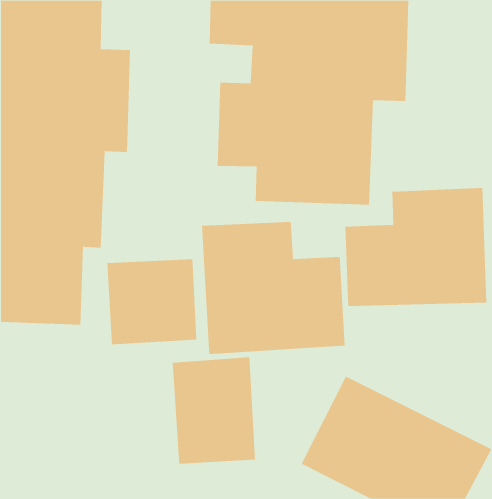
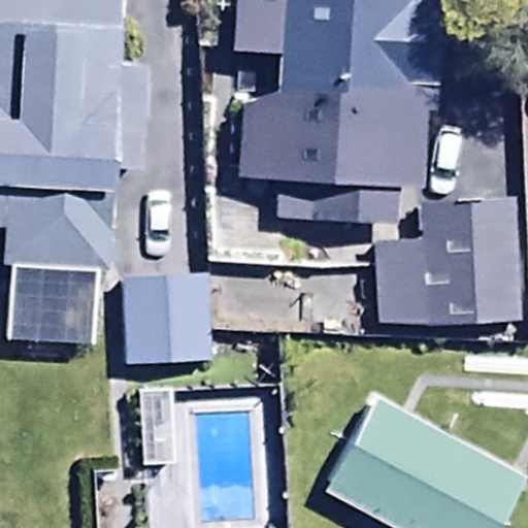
building: [202,221,345,355] -> none
building: [172,357,256,464] -> none

